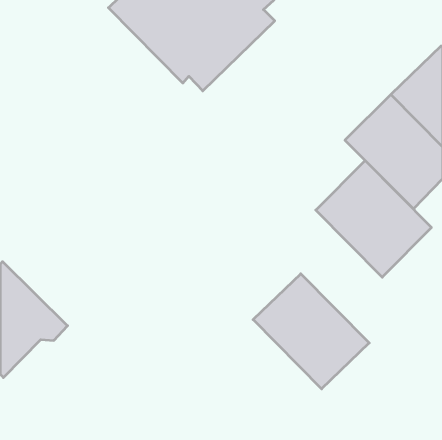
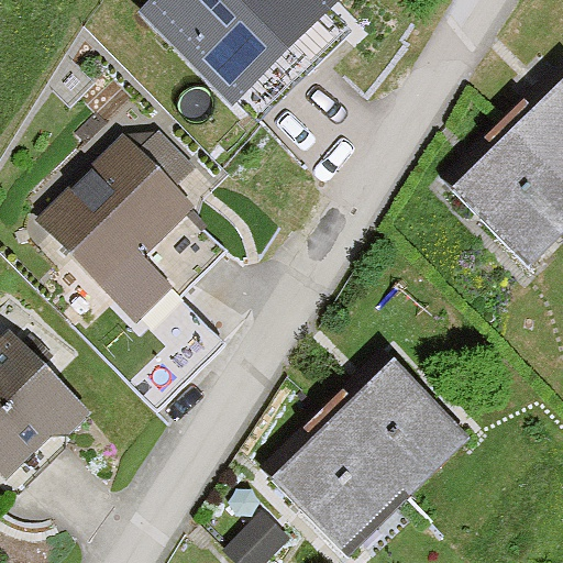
building: none -> [38,132,225,320]
building: [316,160,431,277] -> none
building: none -> [262,406,409,553]

